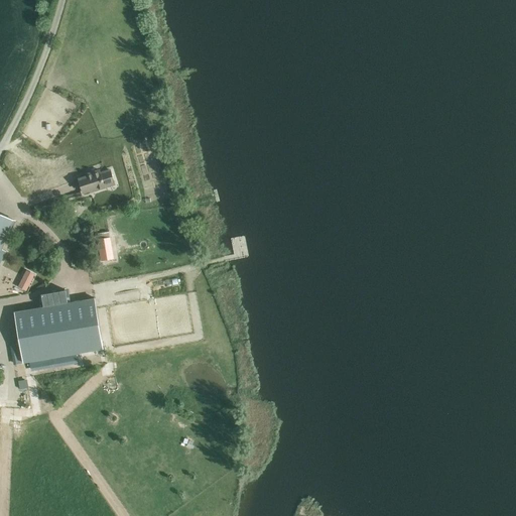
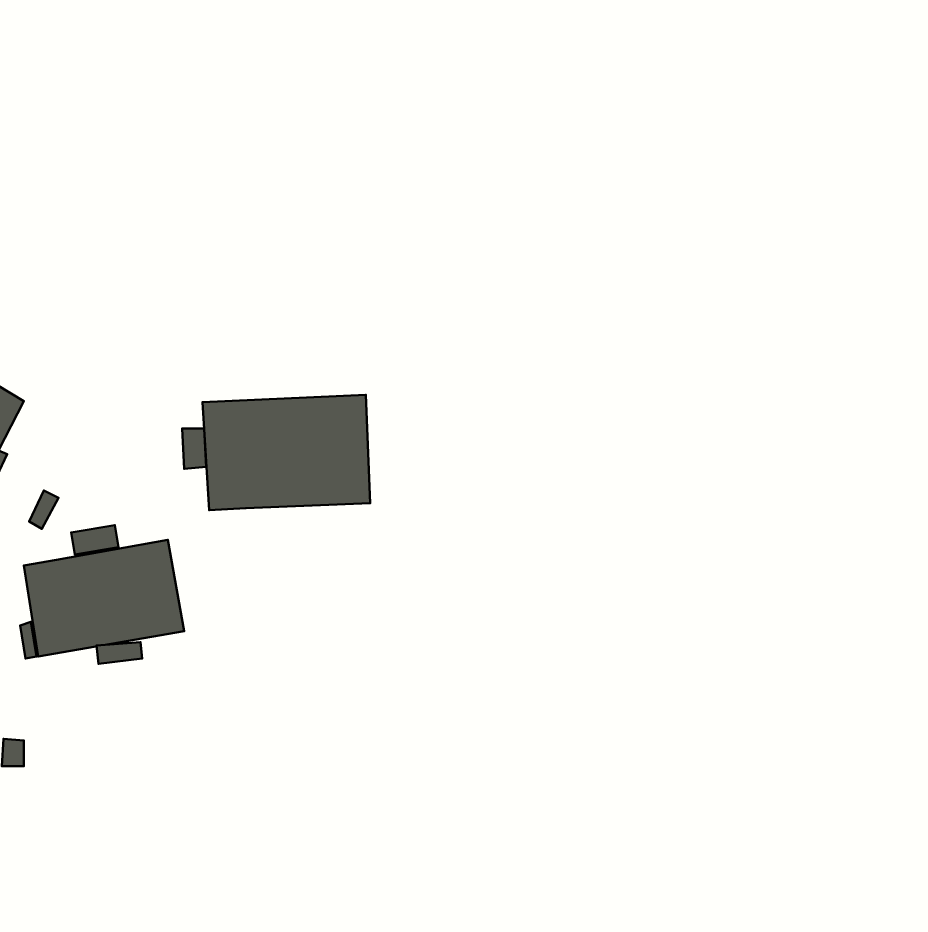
building: [77,170,112,192] -> none
building: none -> [203,395,370,510]

